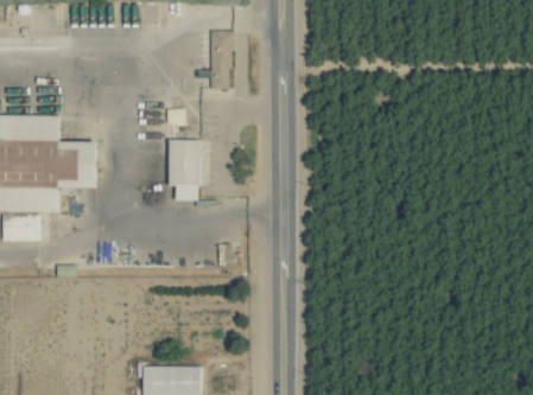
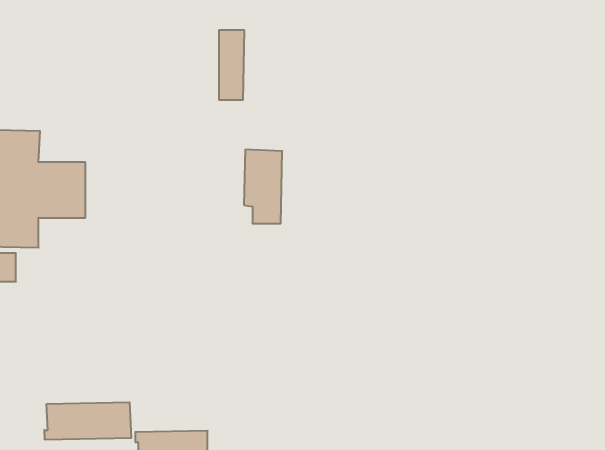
building: [167,139,199,200] -> [244,150,282,223]
building: none -> [44,402,131,440]

